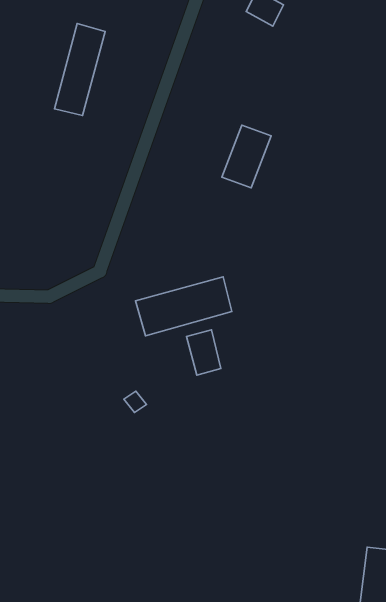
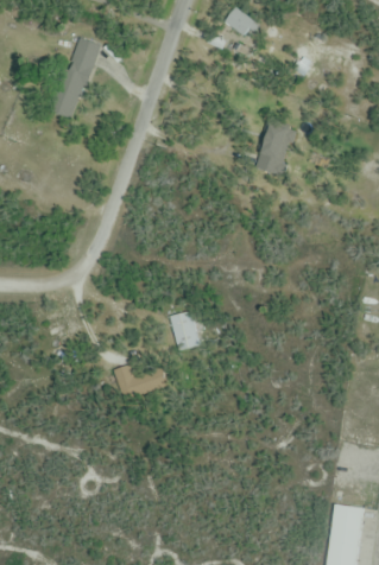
building: [222,125,271,188] -> [253,120,297,176]
building: [135,277,232,336] -> none

